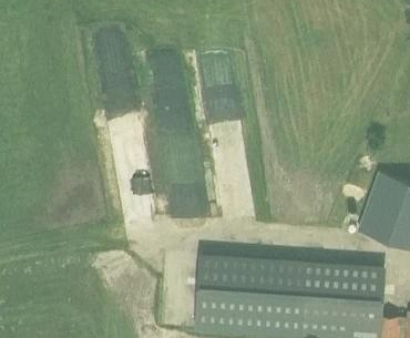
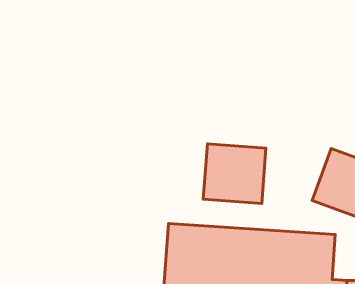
building: none -> [203,144,266,203]

